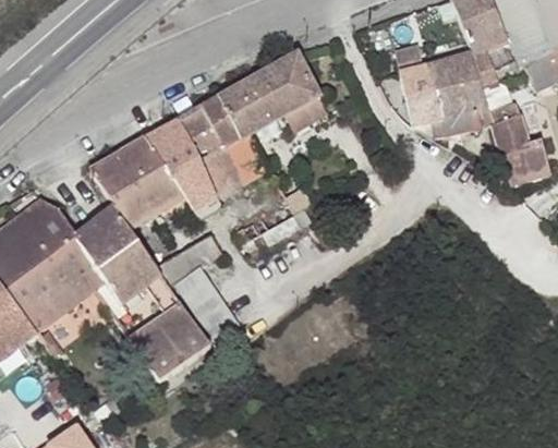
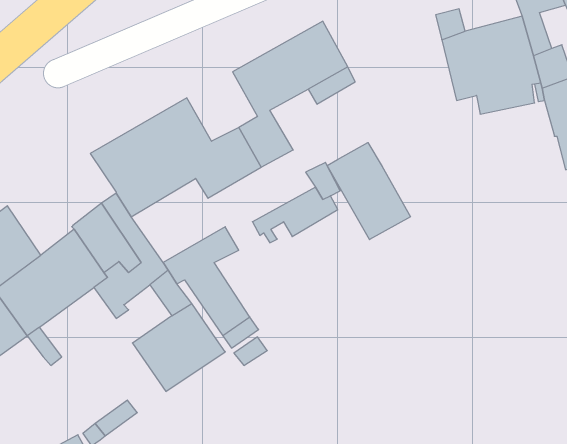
building: [175,99,238,160] -> none
building: none -> [327,143,410,240]
building: [17,199,76,261] -> none

